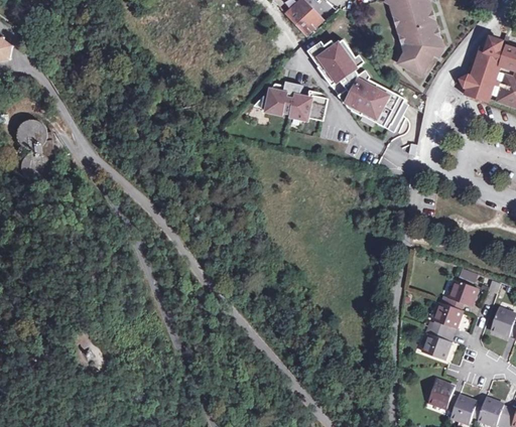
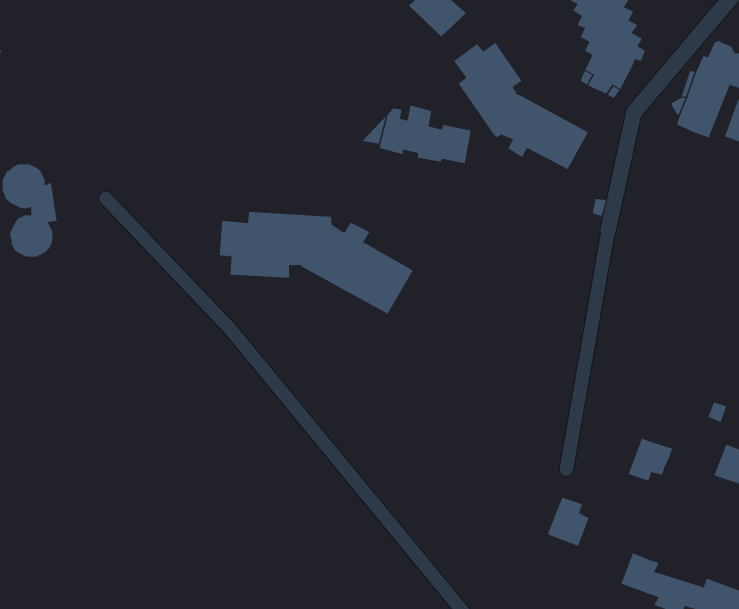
building: none -> [219,211,413,315]
building: [445,280,477,310] -> none
building: [421,327,449,361] -> [547,497,589,546]

